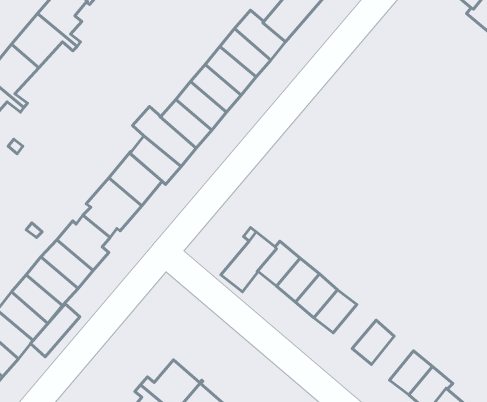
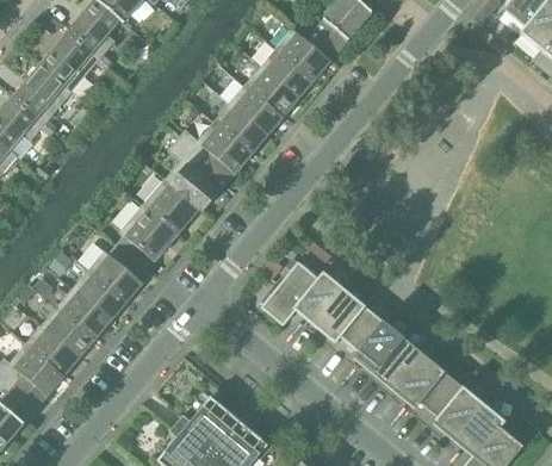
building: [31,304,80,357] -> none
building: none -> [379,338,424,385]
building: none -> [420,372,464,418]

